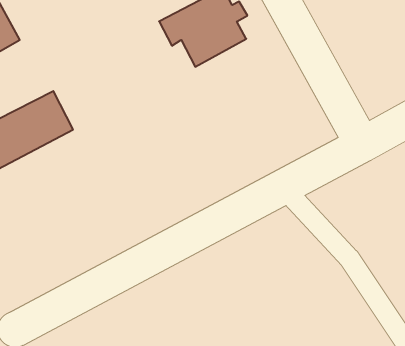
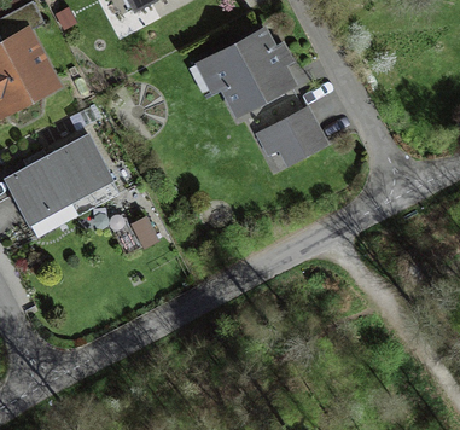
building: none -> [260,110,324,167]

